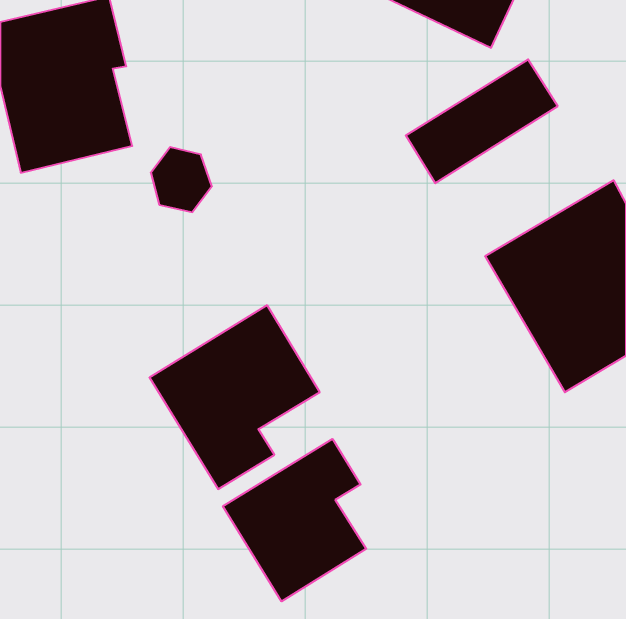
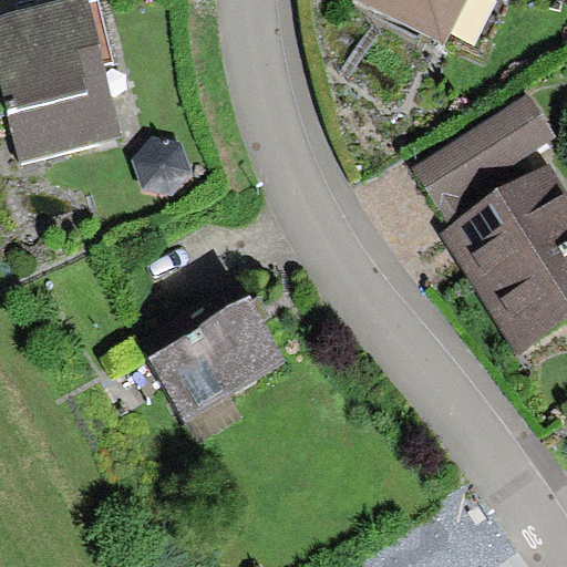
building: [406,59,558,183] -> [414,99,551,210]
building: [223,439,366,601] -> none

